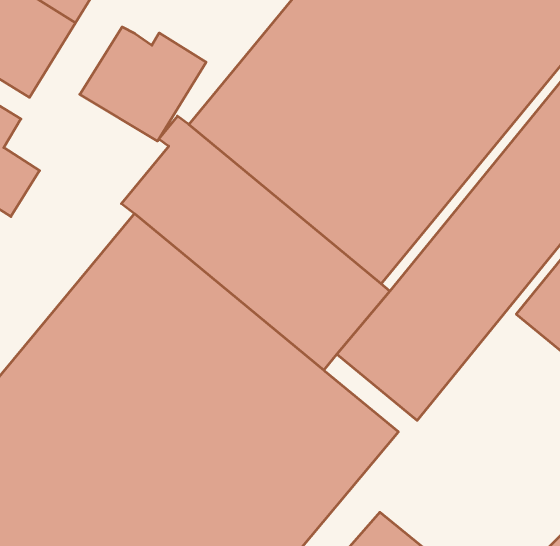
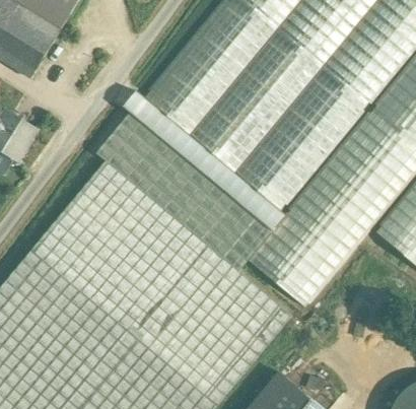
building: [80,27,206,141] -> none

